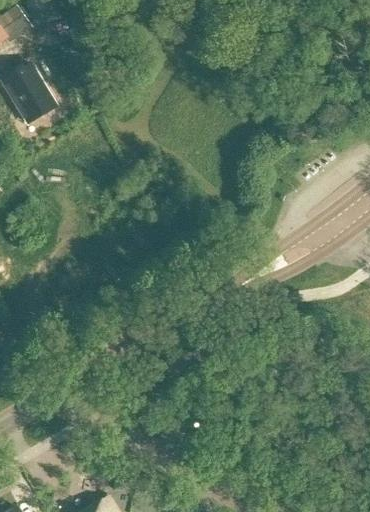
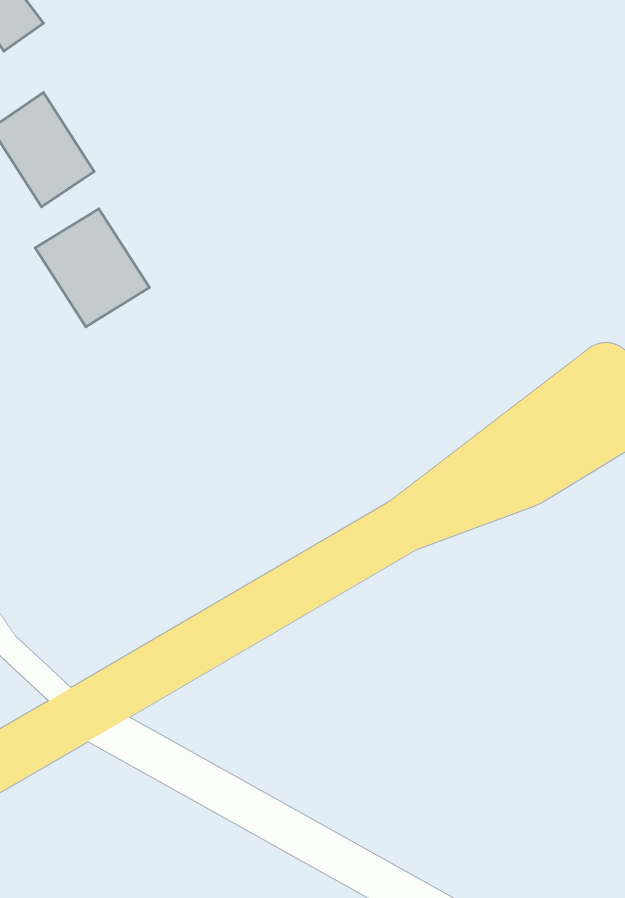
building: none -> [35,209,149,327]

